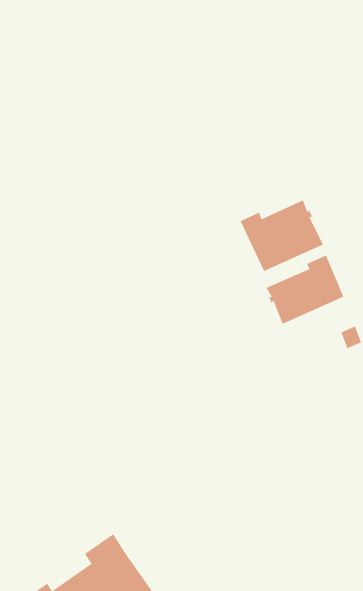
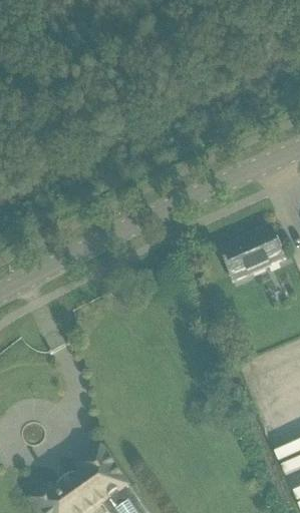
building: [240,199,324,272] -> none

